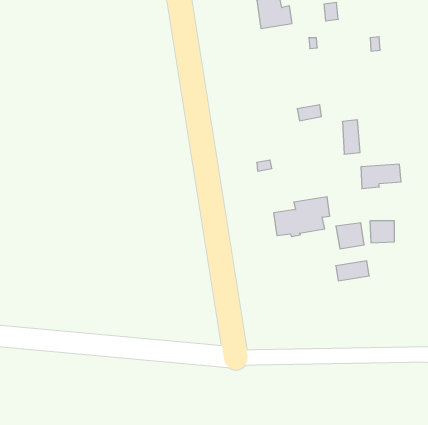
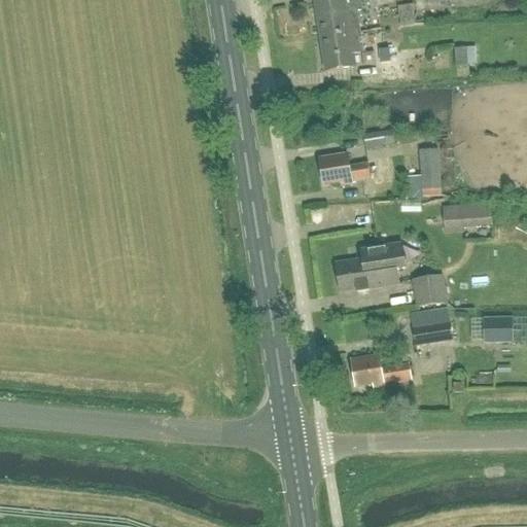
building: none -> [320,29,362,69]
building: none -> [318,151,370,183]
building: [370,221,394,243] -> [483,315,513,342]
building: none -> [351,353,411,386]

